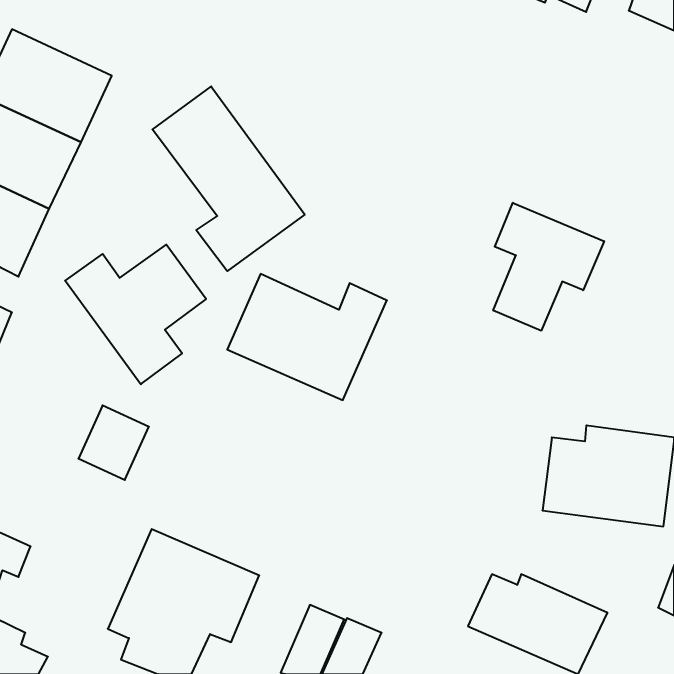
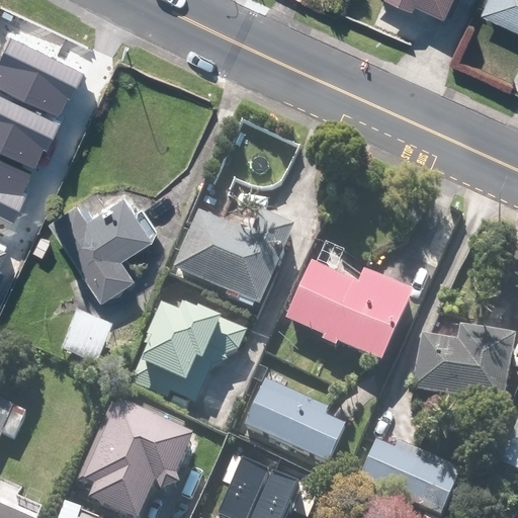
building: [152,86,305,271] -> none
building: [493,203,604,331] -> none
building: none -> [287,259,417,361]
building: none -> [132,306,247,410]
building: none -> [245,378,348,462]

